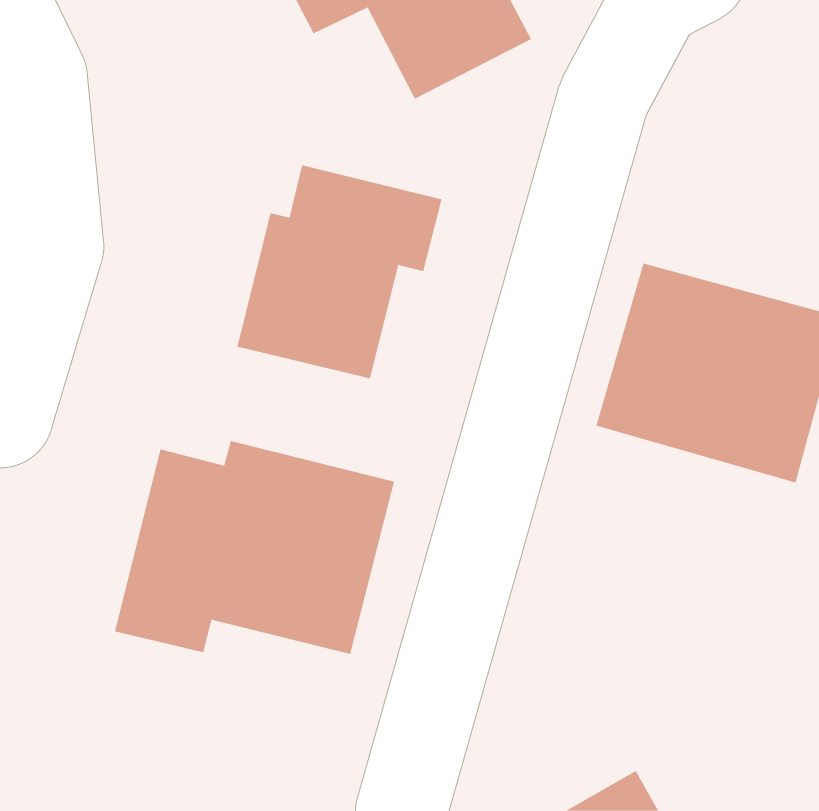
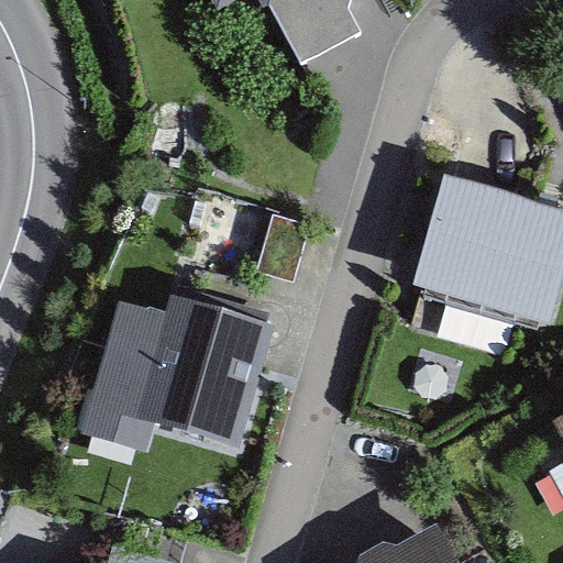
building: [237,164,442,379] -> none

